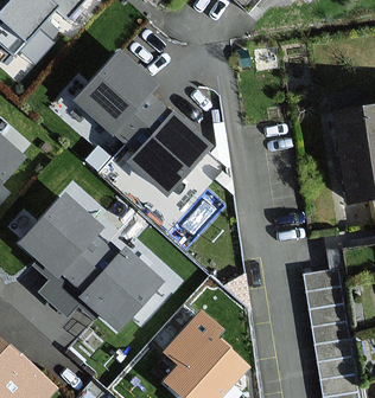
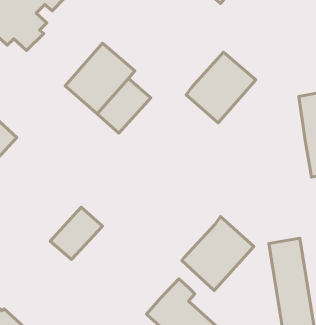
building: [131,114,208,192] -> [186,52,256,123]
building: [20,194,102,276] -> none
building: [82,248,161,329] -> [182,217,254,291]

